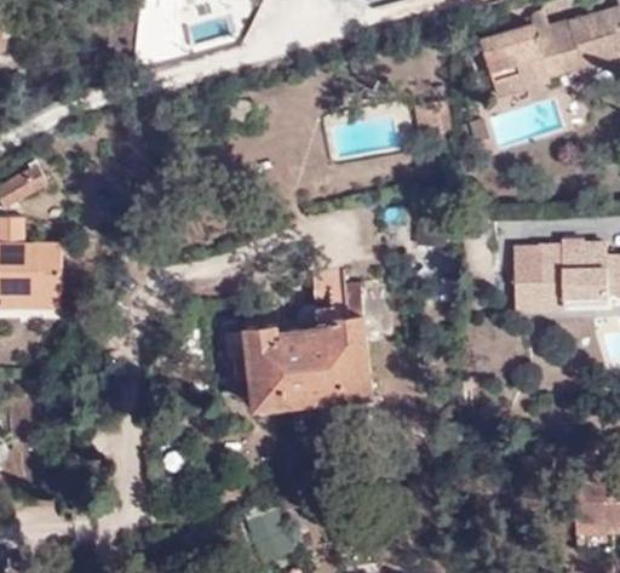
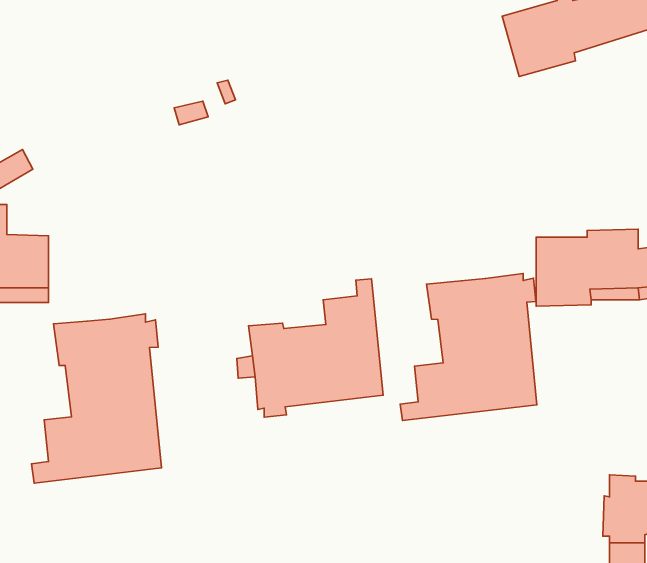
building: none -> [400,273,537,420]
building: none -> [31,314,161,483]

